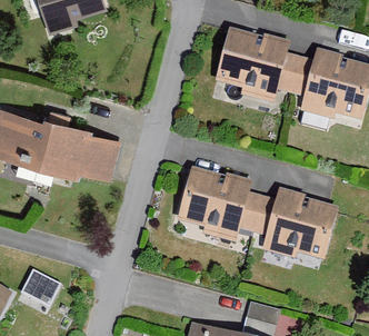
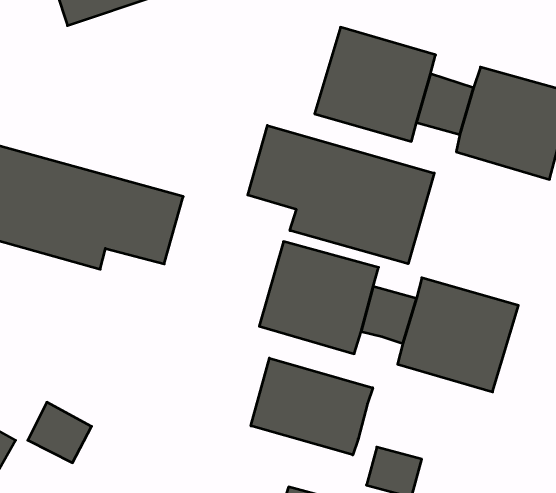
building: none -> [248,125,434,264]
building: none -> [251,358,373,455]

